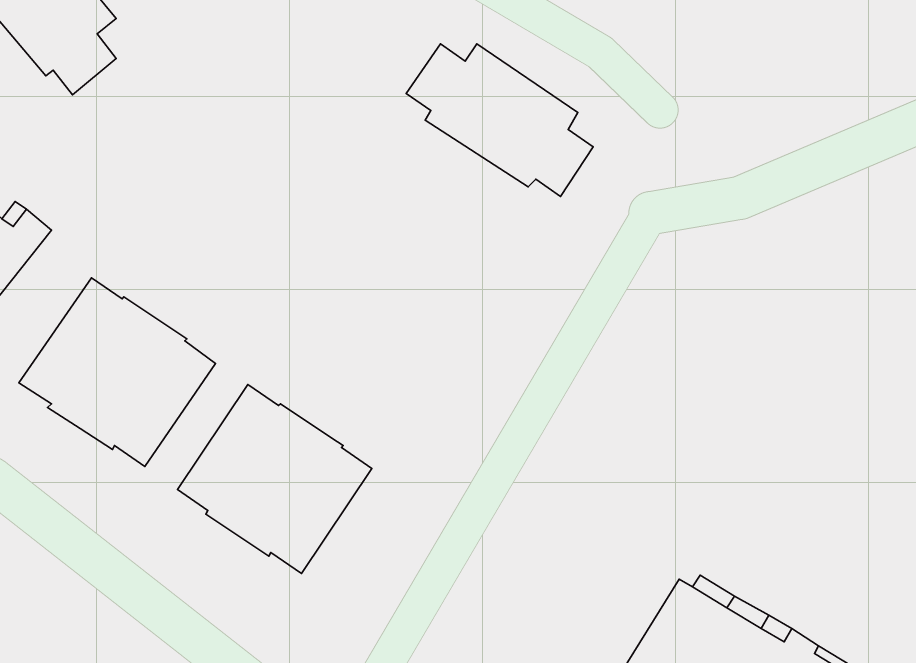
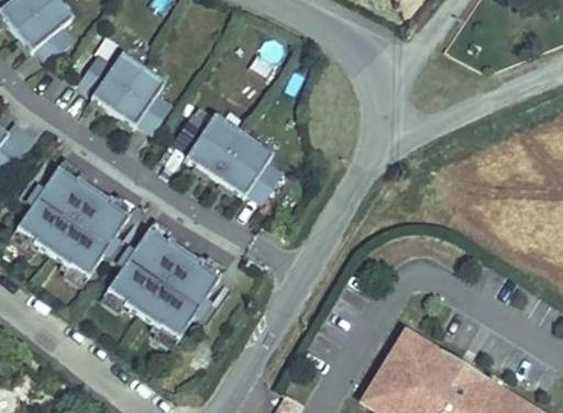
building: [406,44,593,196] -> [175,111,283,199]
building: none -> [81,51,173,130]

